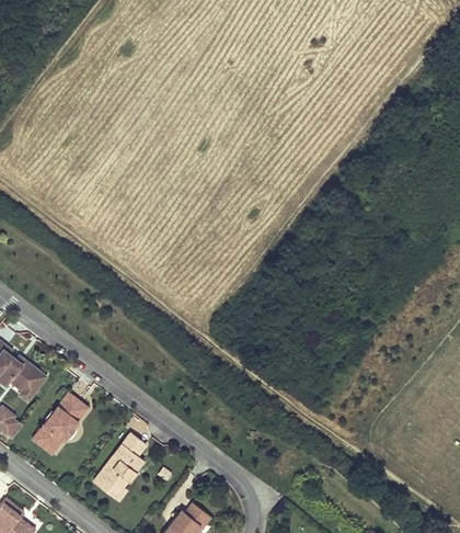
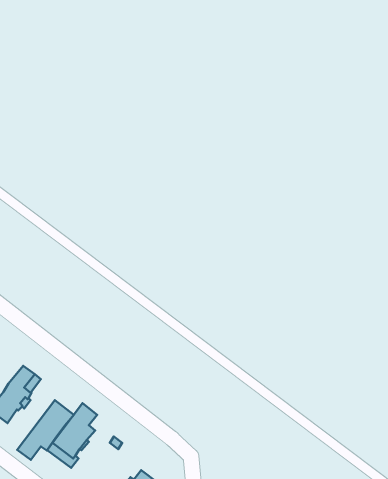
building: none -> [17,400,74,460]

